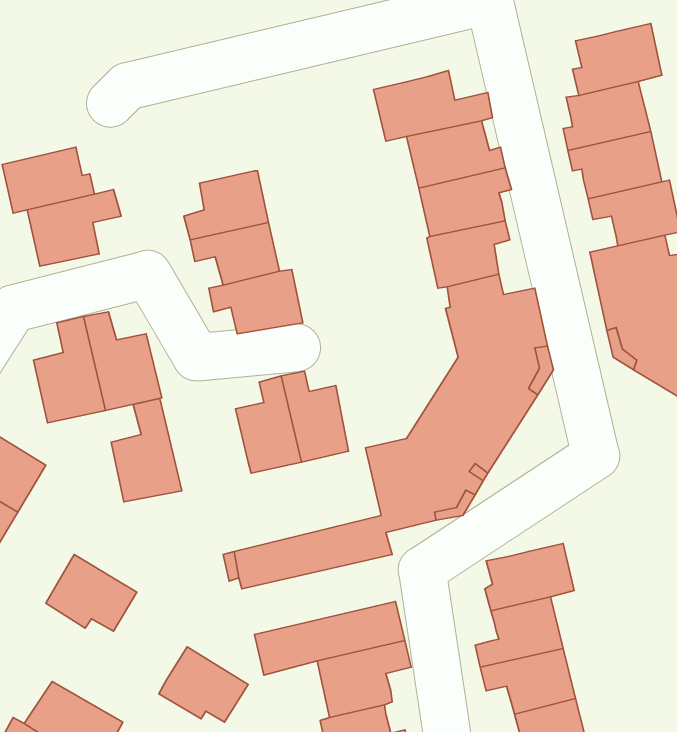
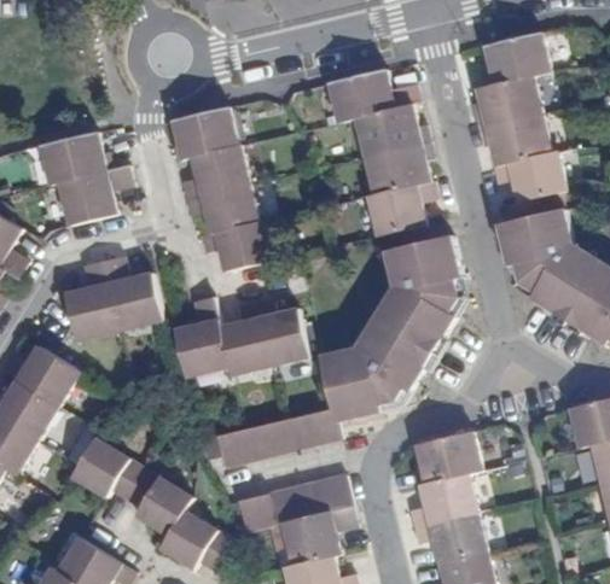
building: none -> [172,105,236,158]
building: [111,398,182,502] -> [176,298,231,378]
building: none -> [127,469,191,537]

